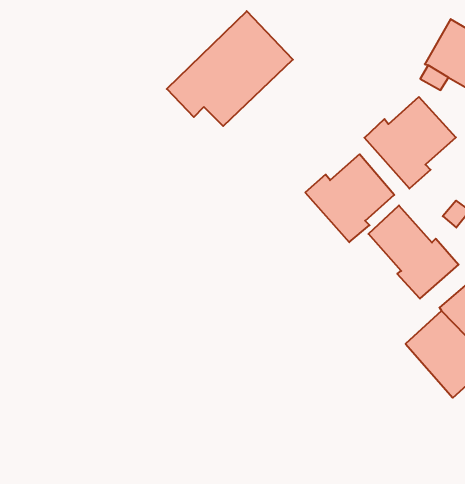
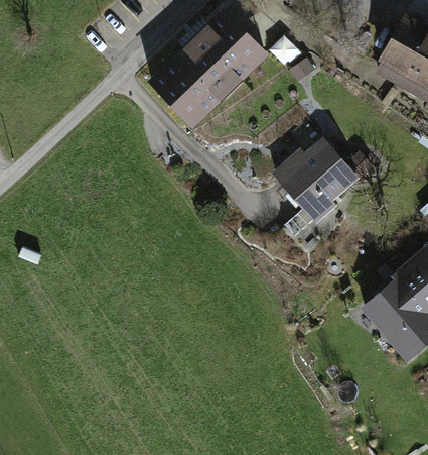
building: [364,97,456,189] -> none
building: [368,205,459,299] -> none

